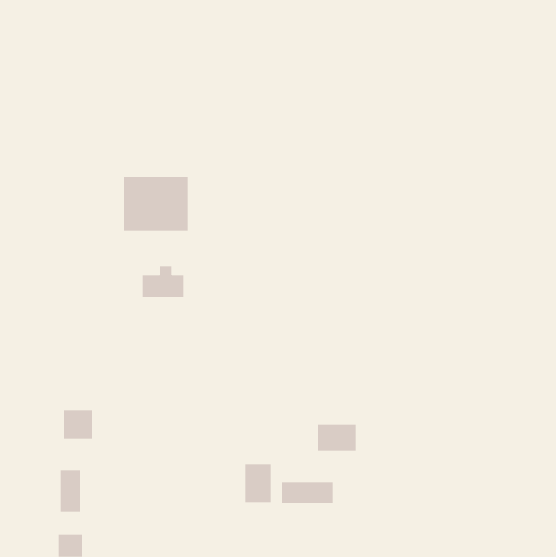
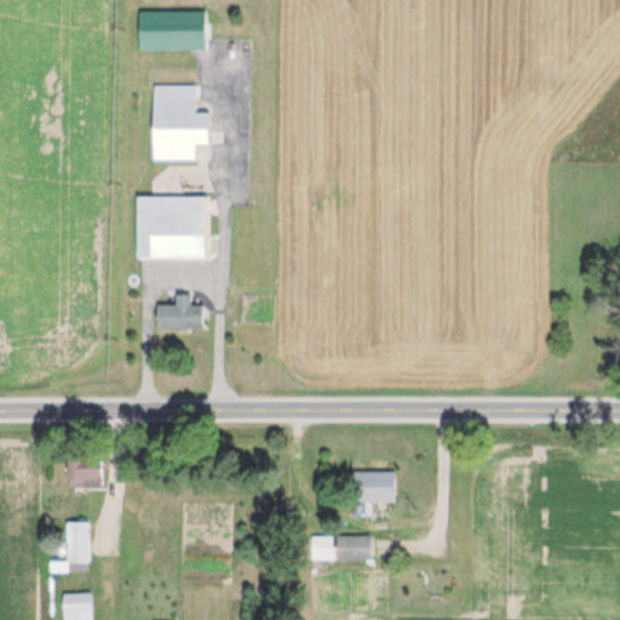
building: none -> [139,11,206,50]
building: none -> [153,85,220,160]
building: [245,464,271,503] -> none

